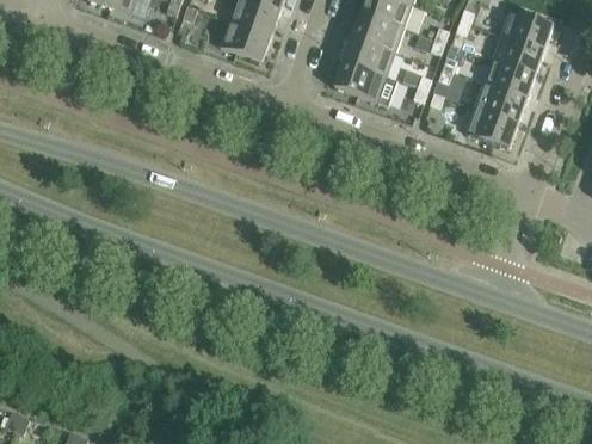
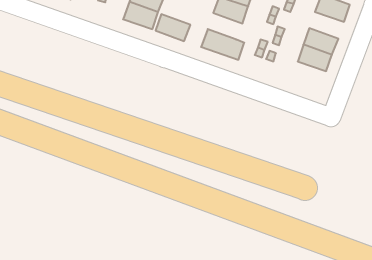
building: [493,35,544,74] -> none
building: [344,36,395,75] -> [156,14,190,41]
building: [467,107,518,148] -> none

